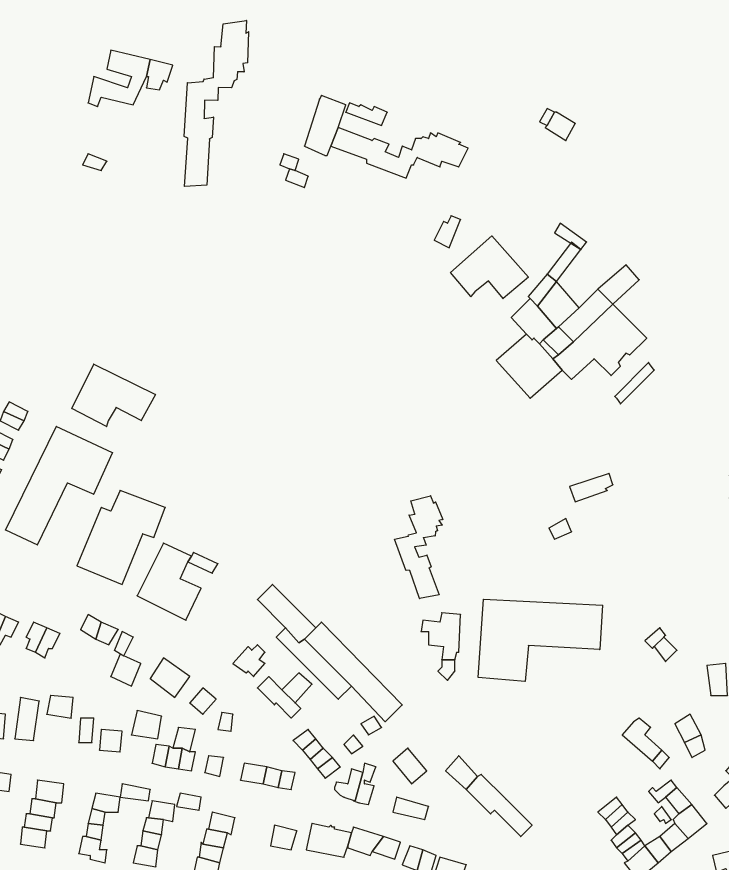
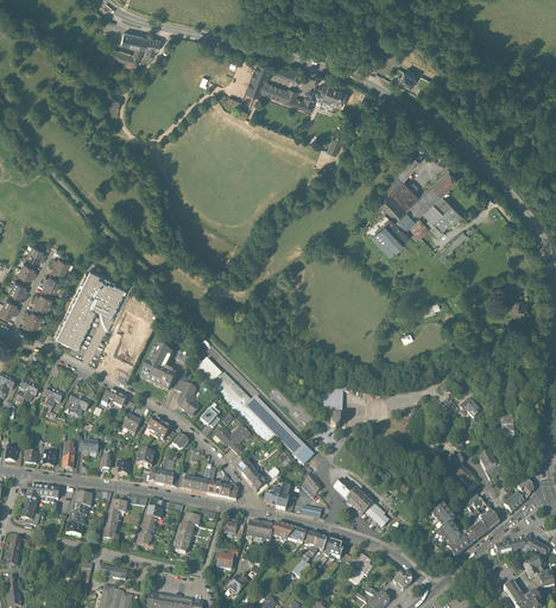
building: [184,20,249,186] -> none
building: [451,236,528,299] -> none
building: [72,364,155,427] -> none
building: [395,496,443,599] -> none
building: [478,599,603,681] -> none
building: none -> [176,380,200,417]

